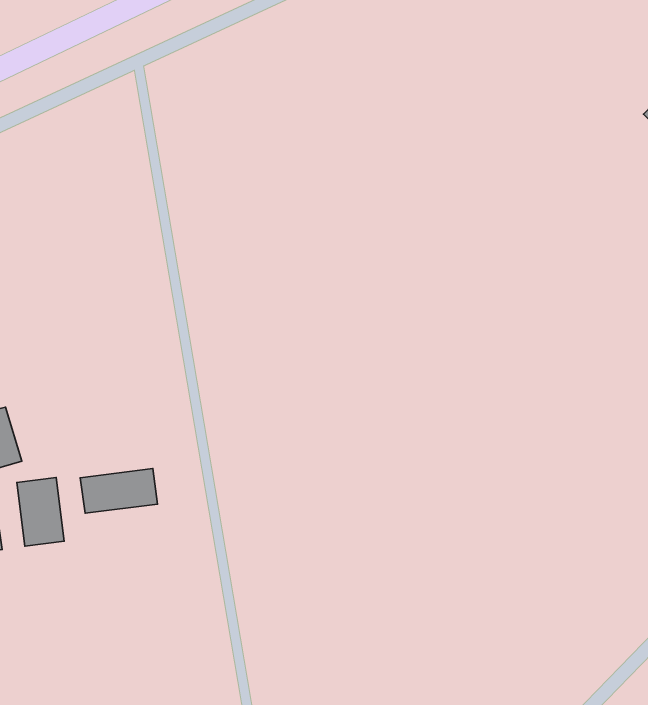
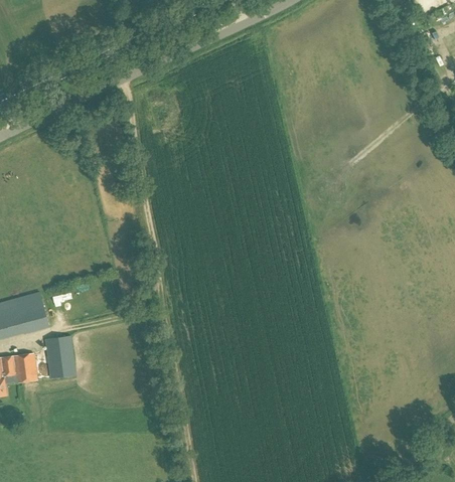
building: [80,468,158,513] -> none

